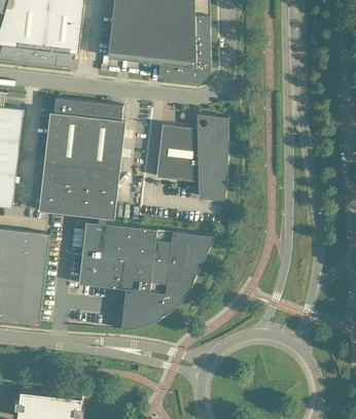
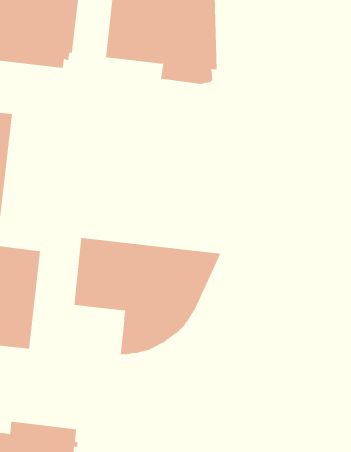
building: [38,97,124,218] -> none
building: [155,114,227,199] -> none

